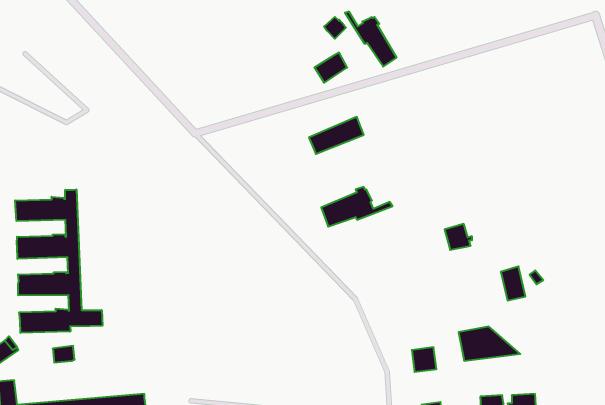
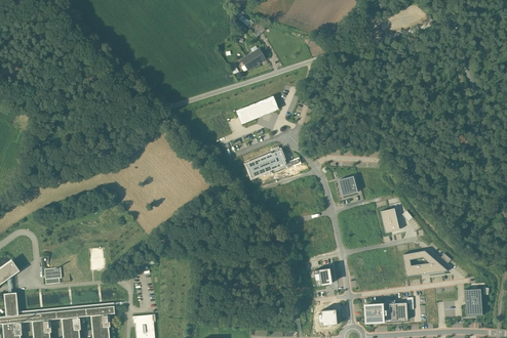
building: [345,11,397,67] -> none
building: [15,189,102,333] -> none
building: [459,327,520,361] -> [402,250,449,276]

